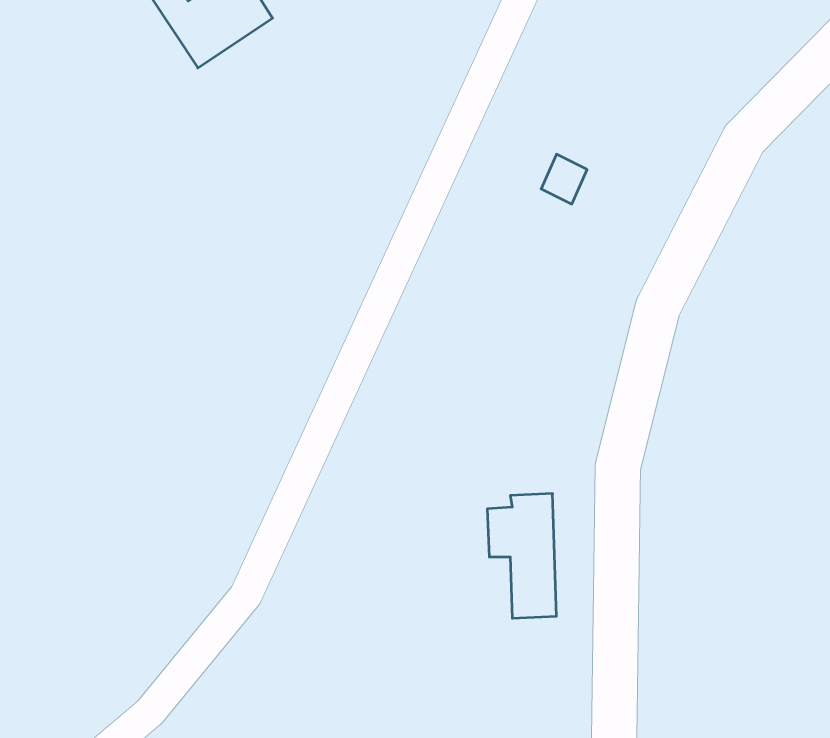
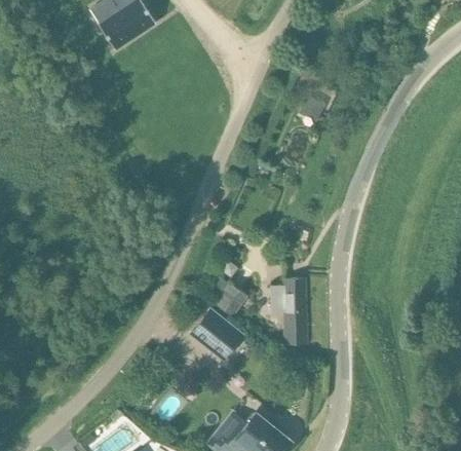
building: none -> [215,281,246,314]
building: none -> [190,308,241,359]

